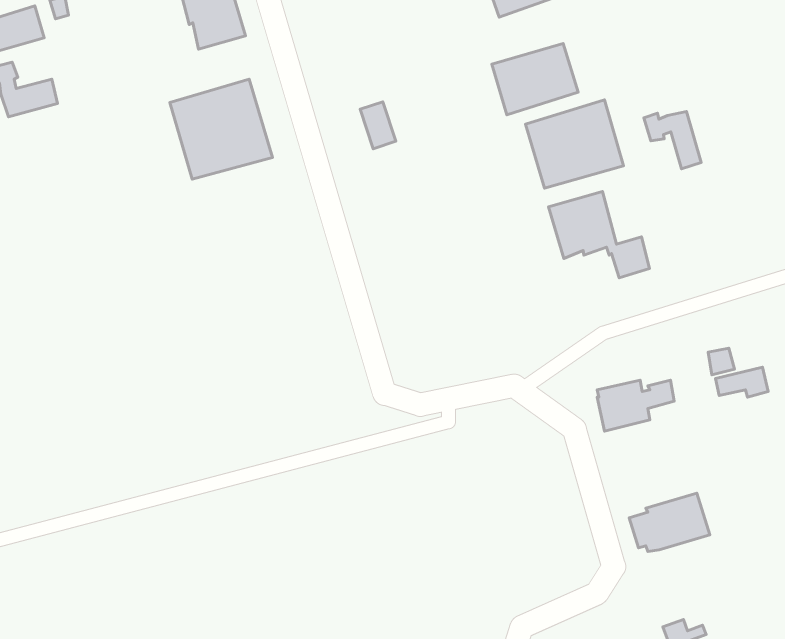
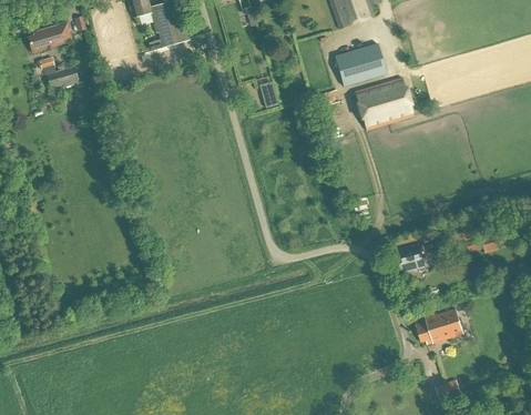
building: [170,79,272,179] -> none
building: [644,111,701,169] -> none
building: [549,192,650,278] -> none

